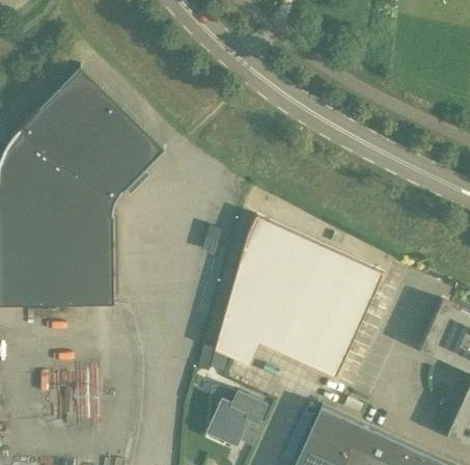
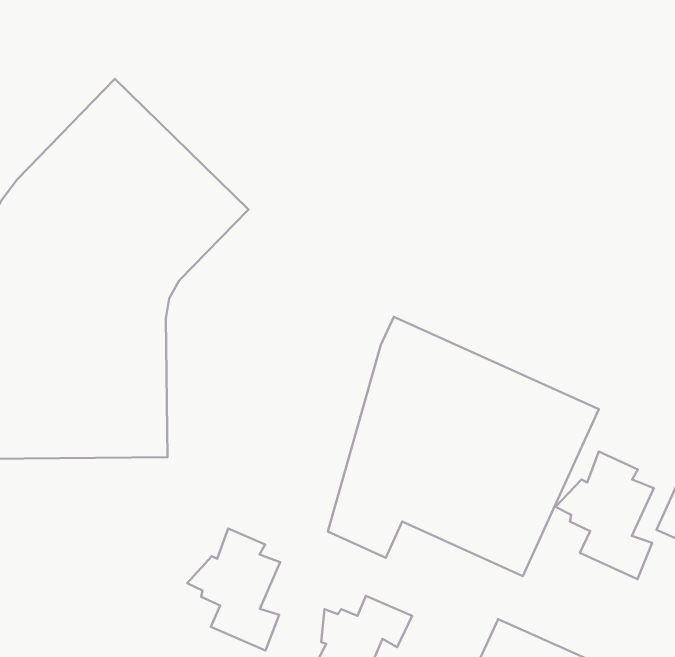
building: none -> [555,451,654,579]
building: none -> [187,528,280,650]

